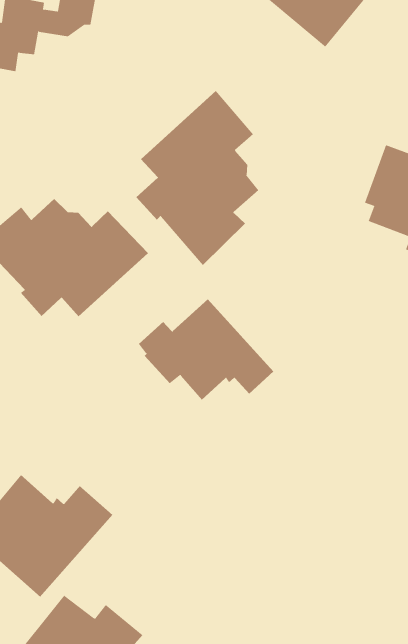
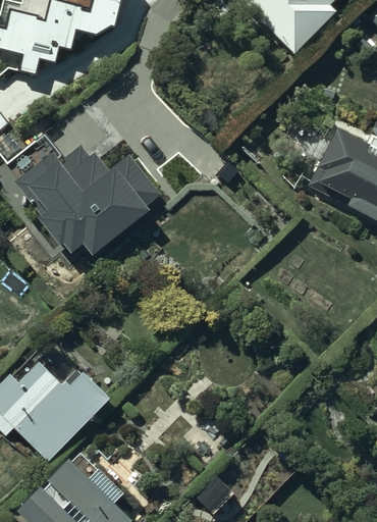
building: [135,90,259,266] -> none
building: [138,298,274,400] -> none

